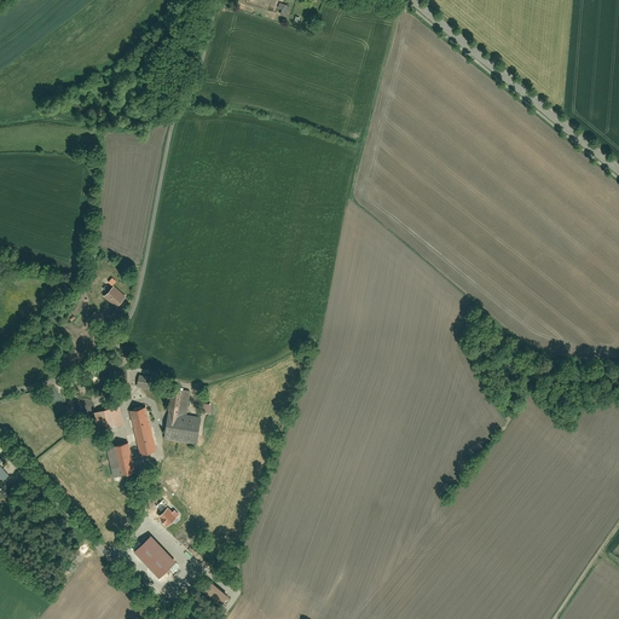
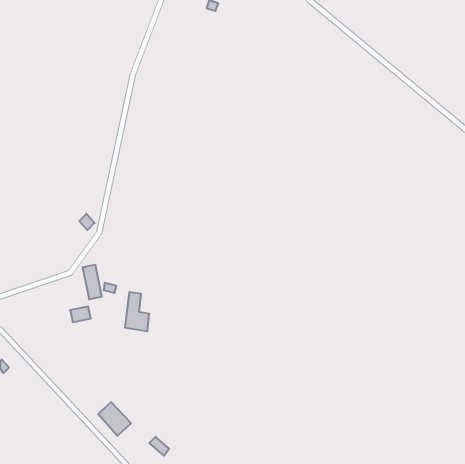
building: [131,410,156,456] -> [83,265,102,299]
building: [108,445,133,478] -> none

